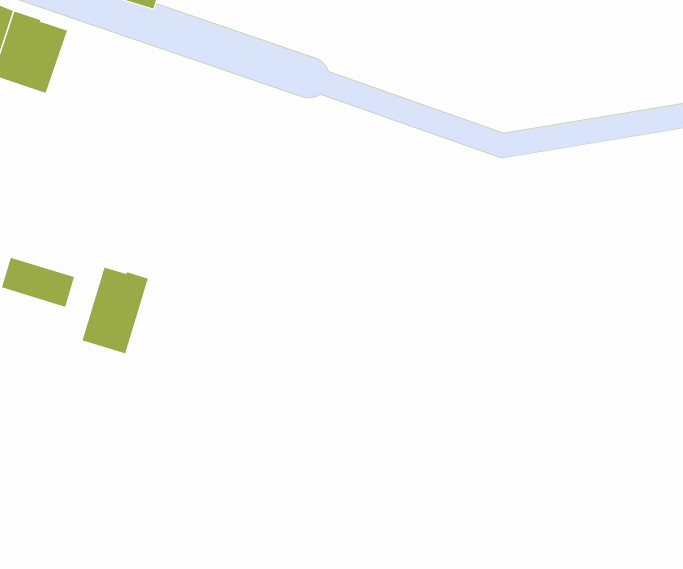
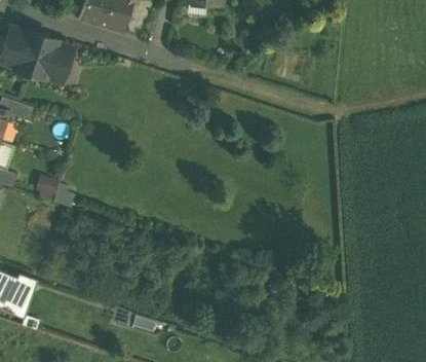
building: [82,267,149,354] -> none

